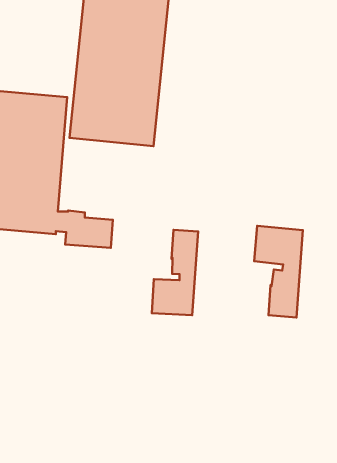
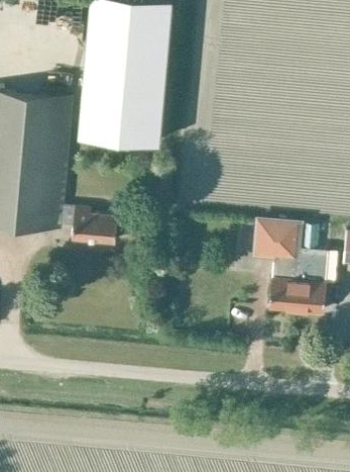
building: [152,230,198,315] -> none
building: none -> [296,253,327,316]

